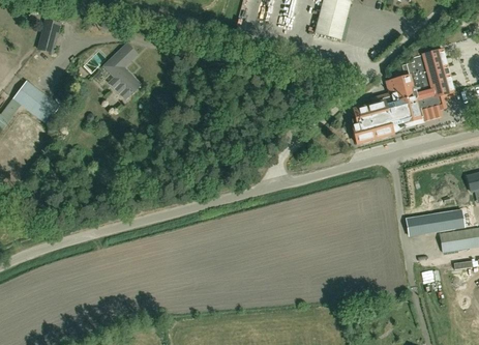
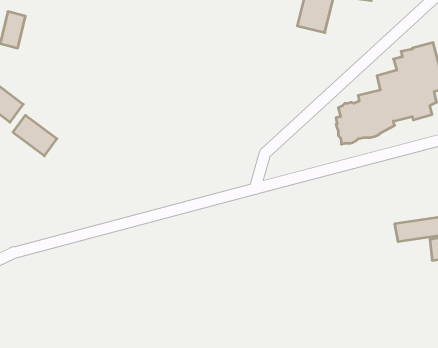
building: [103,42,141,99] -> none
building: none -> [13,115,57,156]

